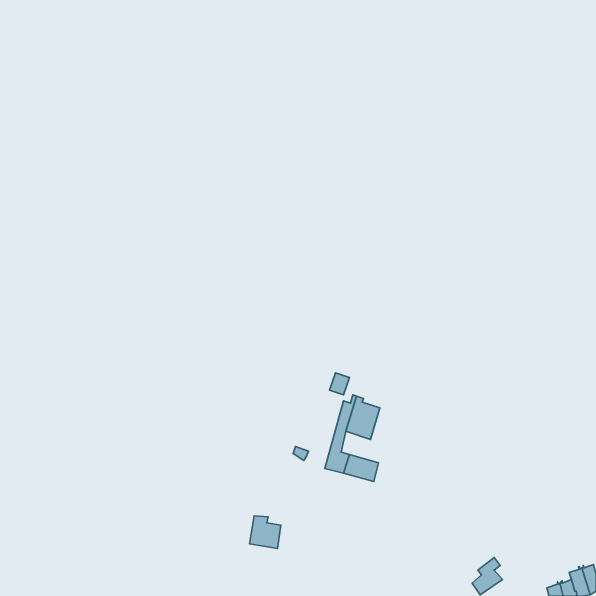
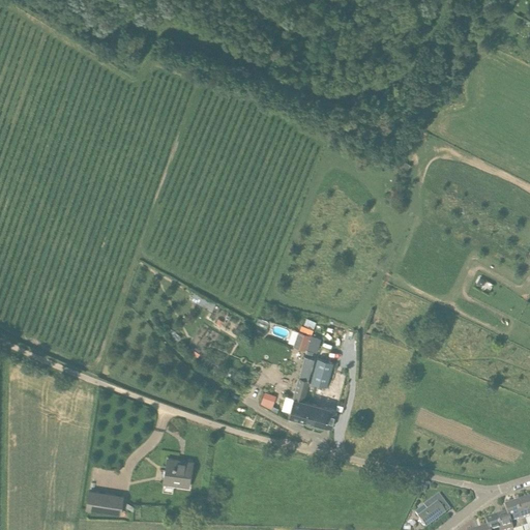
building: [249,516,281,549] -> [163,458,190,487]
building: none -> [85,490,122,513]

